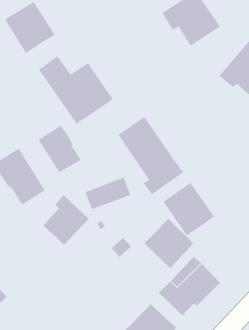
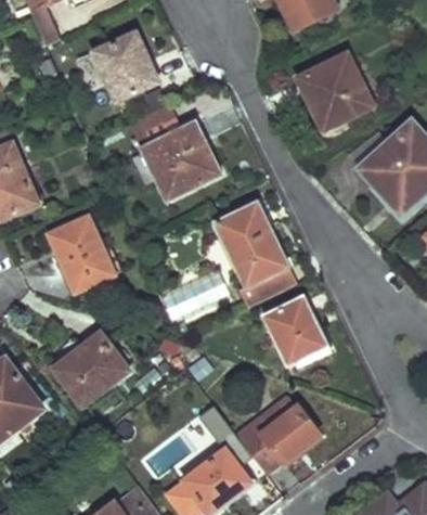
building: [38,125,81,173] -> none
building: [42,194,89,246] -> [60,340,121,407]
building: [143,218,194,269] -> none

